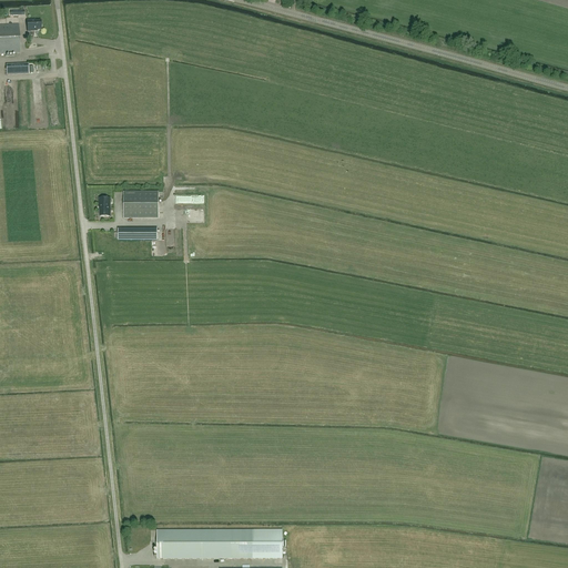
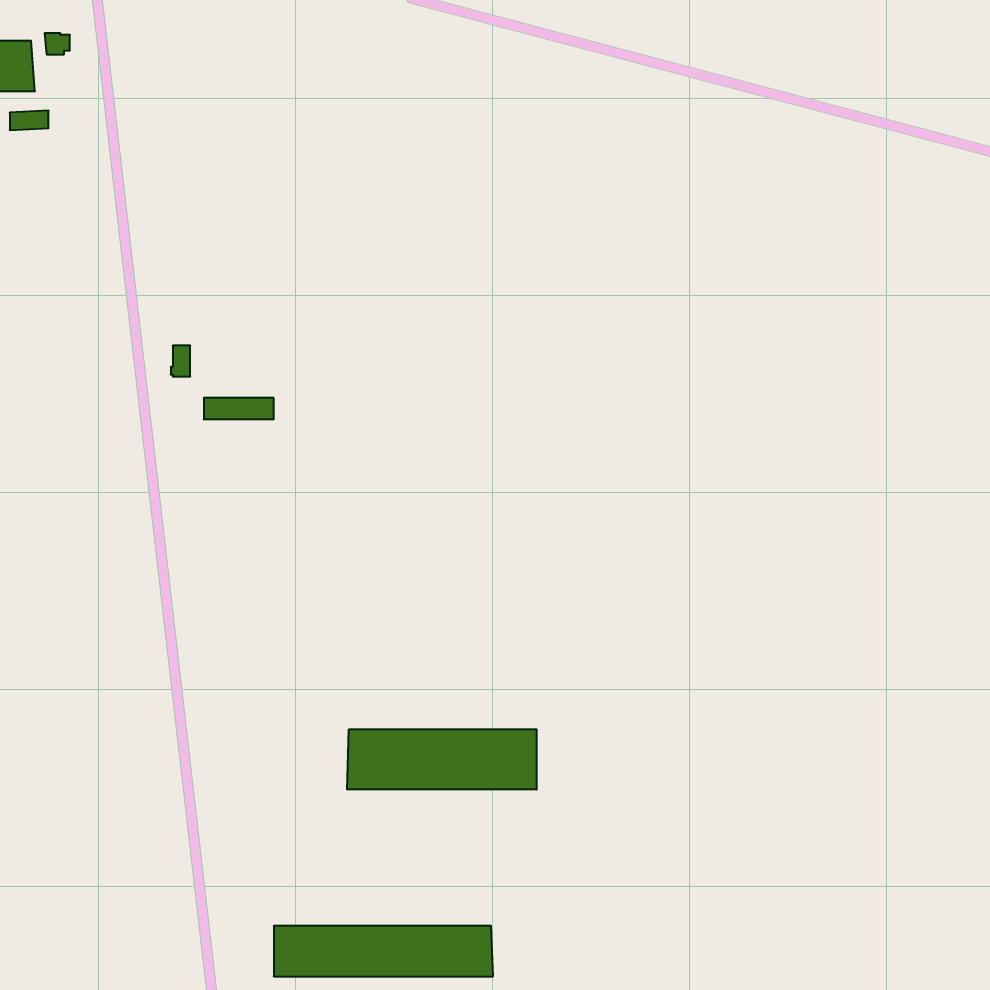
building: [123,191,158,217] -> none
building: none -> [347,729,537,790]

